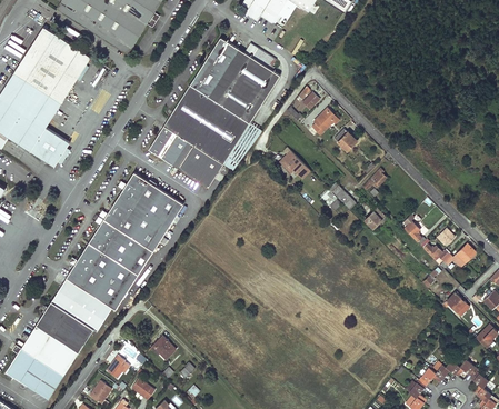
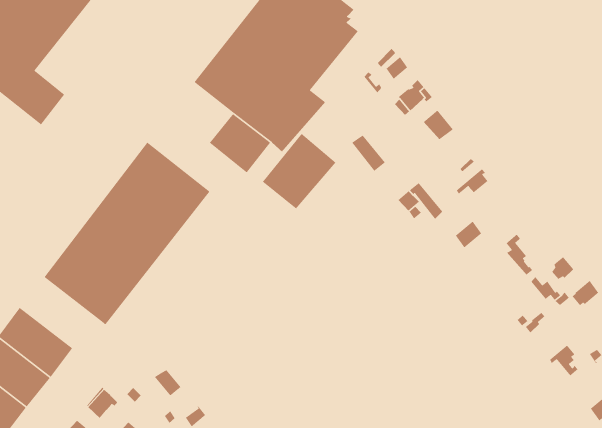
building: [148,126,194,169] -> none
building: none -> [262,133,336,210]
building: [51,279,112,331] -> none

